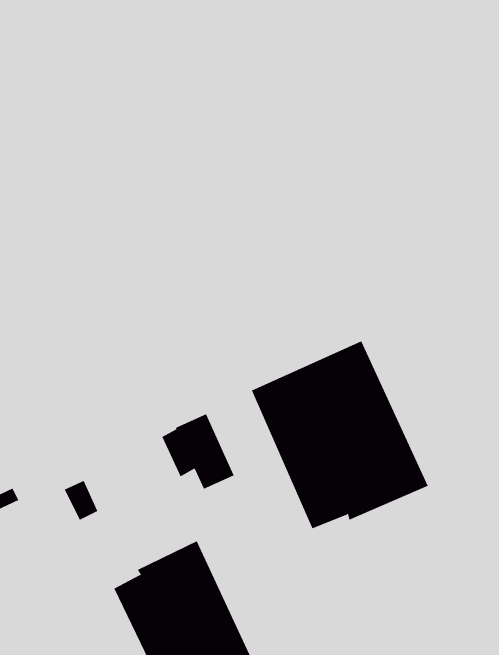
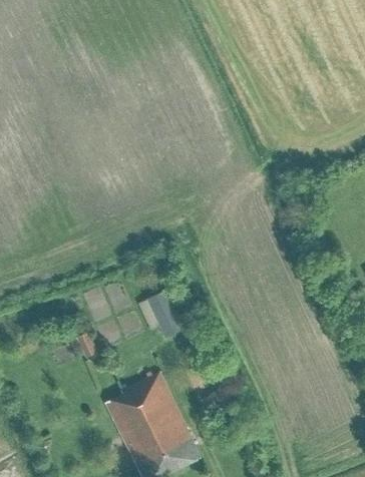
building: [251,341,428,529] -> none

